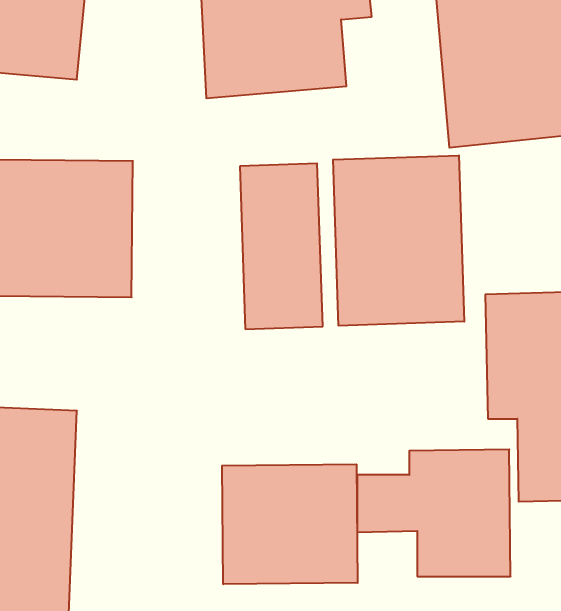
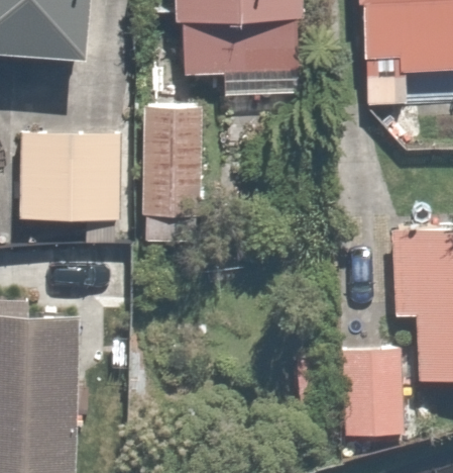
building: [333,155,464,326] -> none
building: [240,164,323,329] -> [141,95,204,220]
building: [222,464,358,584] -> none

